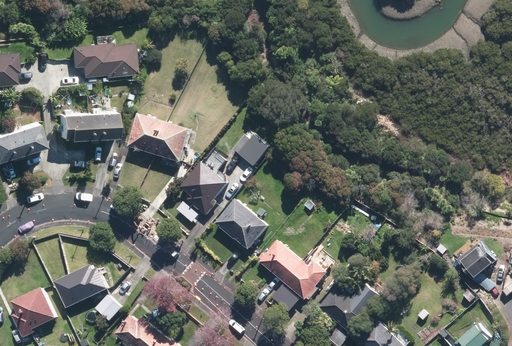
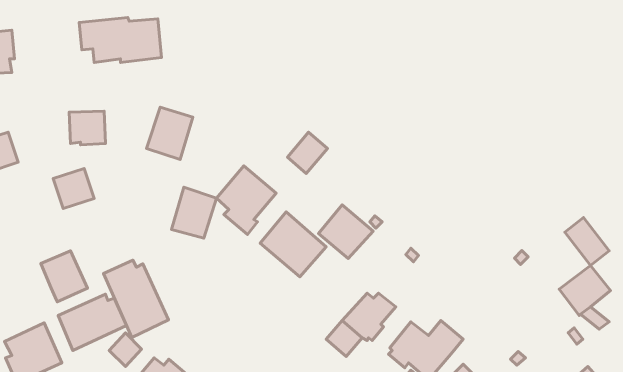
building: [90,114,119,142] -> none
building: [151,121,187,162] -> [171,187,216,238]
building: [13,125,46,157] -> [53,169,94,208]
building: none -> [565,217,609,266]
building: none -> [41,251,87,302]
building: none -> [103,260,168,337]
building: [257,241,301,284] -> [318,205,373,258]

